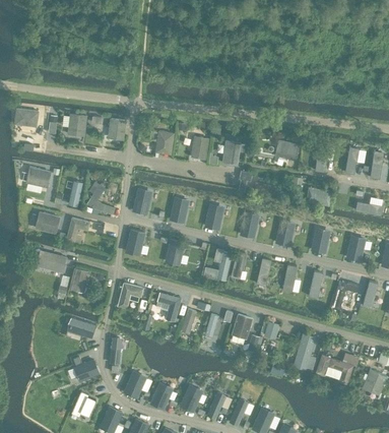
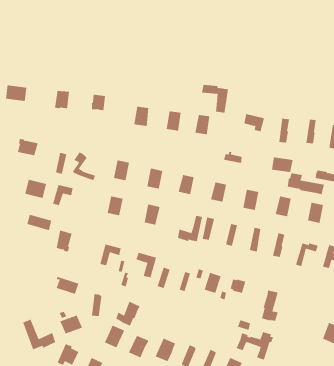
building: none -> [202,84,228,113]
building: none -> [287,172,324,195]
building: none -> [116,301,141,326]
building: [316,353,358,384] -> [236,332,274,360]
building: none -> [22,319,56,350]

